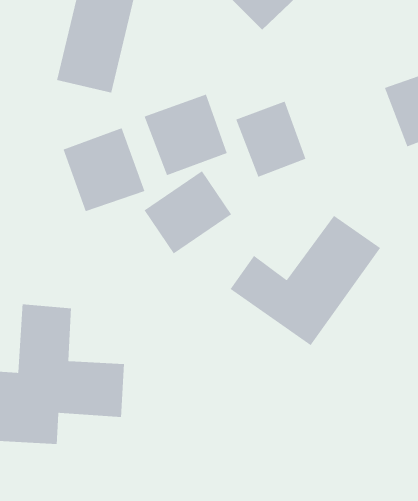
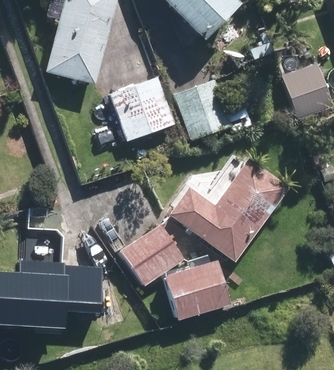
building: [63,127,145,212] -> none
building: [144,170,232,254] -> [124,226,186,285]
building: none -> [169,267,232,319]

